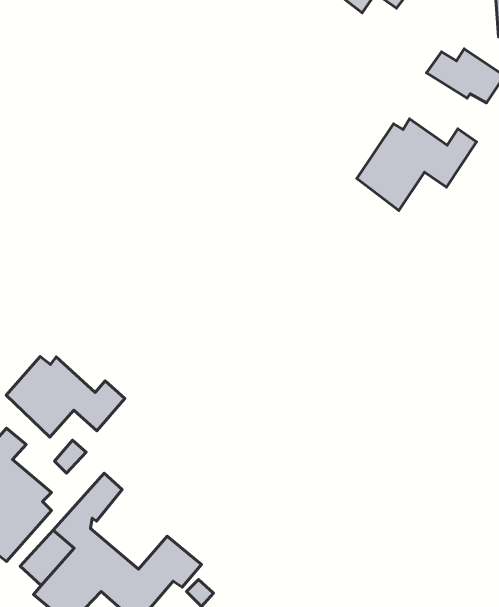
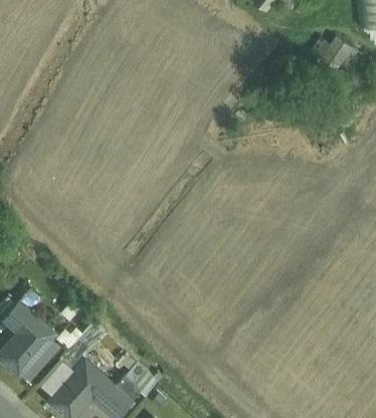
building: [357,119,476,211] -> none
building: [6,356,125,437] -> none

